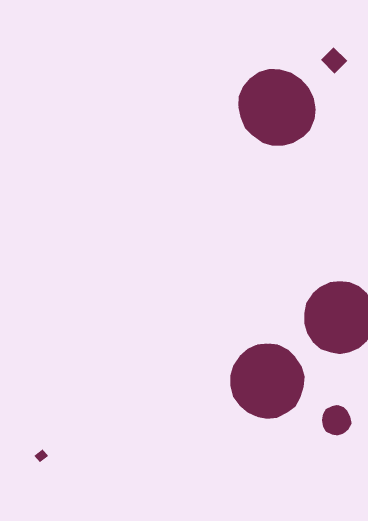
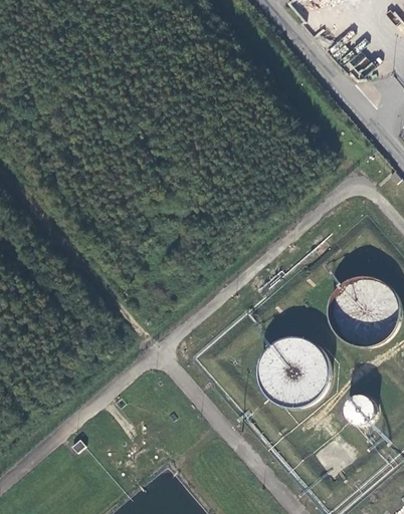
building: [238,68,316,146] -> none

